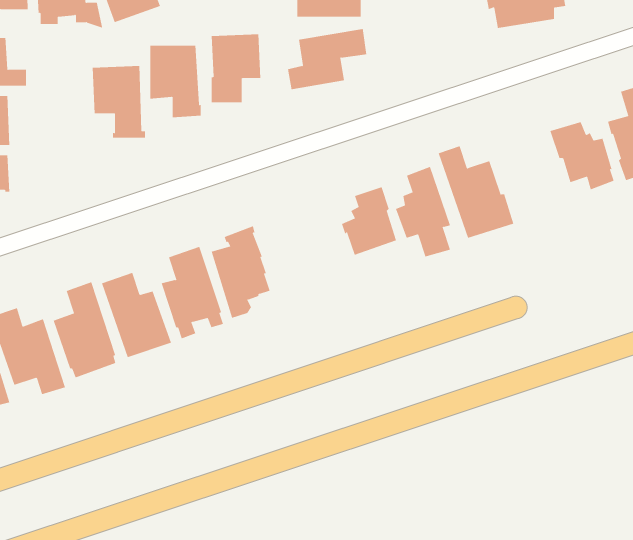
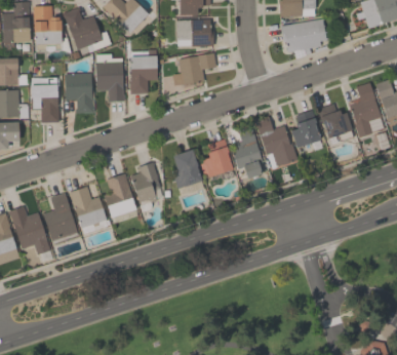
building: none -> [31,77,58,122]
building: none -> [290,110,321,148]
building: none -> [172,150,202,195]

